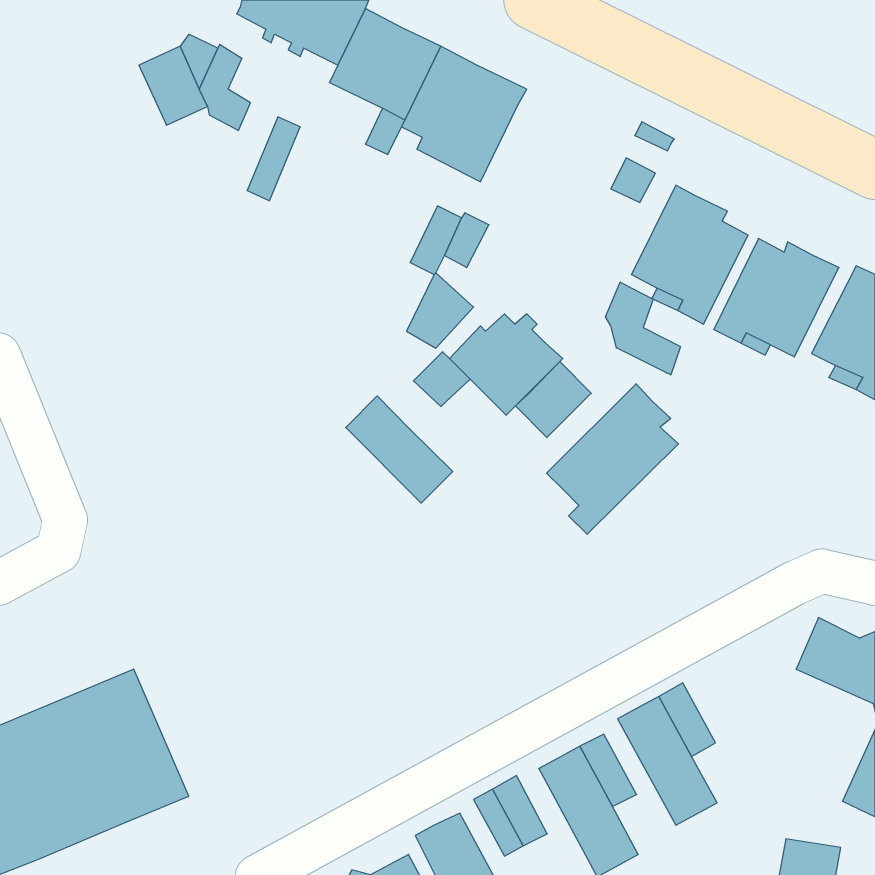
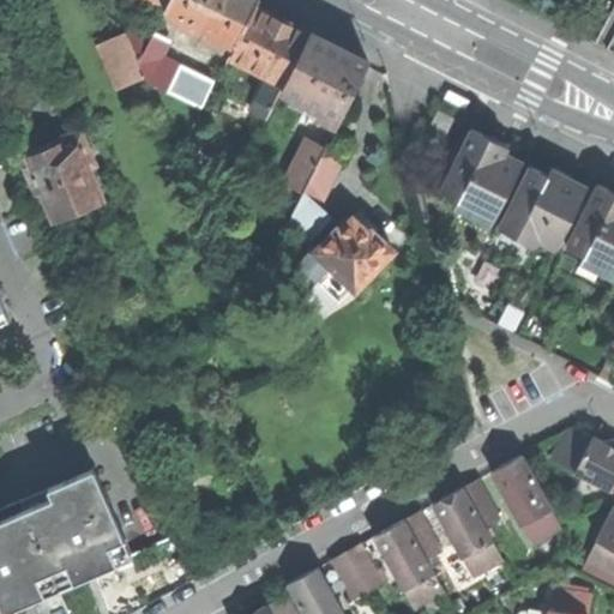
building: none -> [23,130,101,219]
building: [606,282,680,375] -> none
building: [515,362,591,438] -> none
building: [547,384,678,534] -> none
building: [346,396,453,503] -> none
building: none -> [490,456,561,547]

